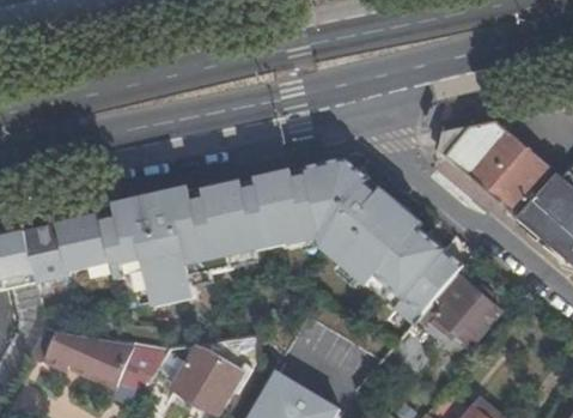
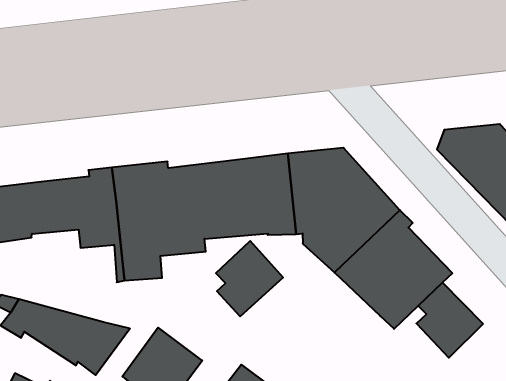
building: none -> [216,241,283,316]

